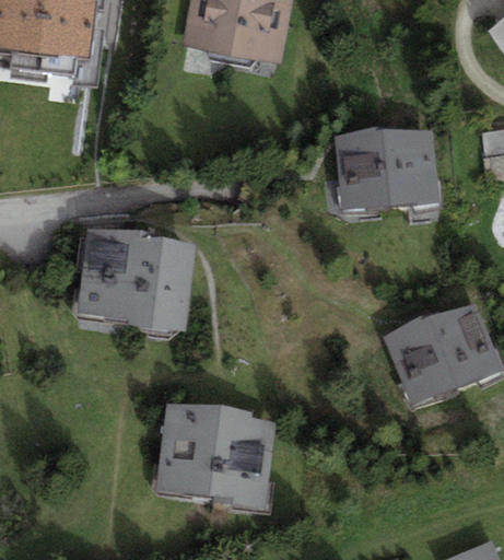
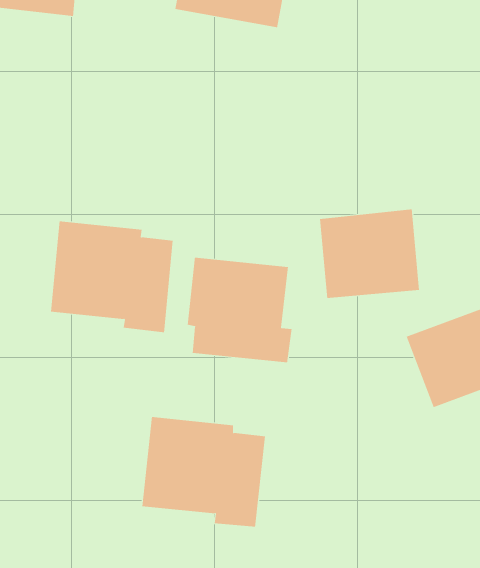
building: [338,128,427,208] -> [319,209,420,299]
building: none -> [187,257,292,363]

